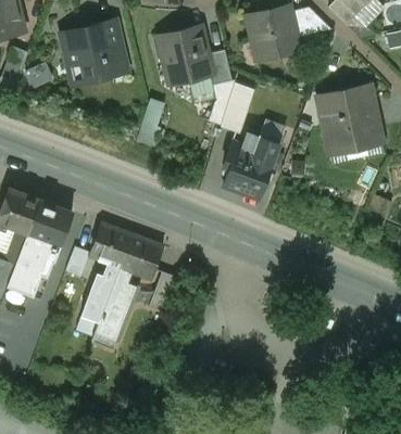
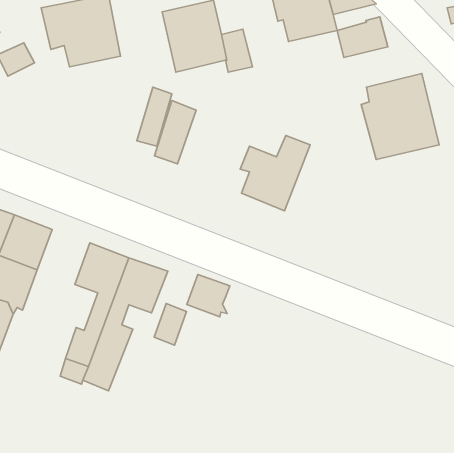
building: none -> [337,17,388,58]
building: [220,82,253,133] -> [155,101,196,164]
building: none -> [187,274,230,317]

